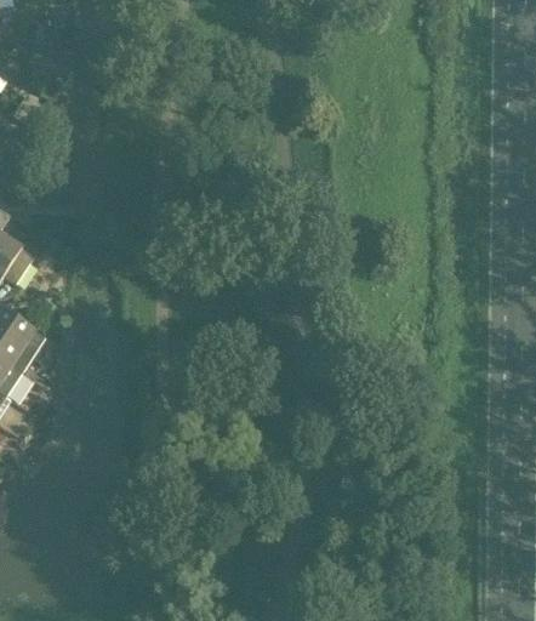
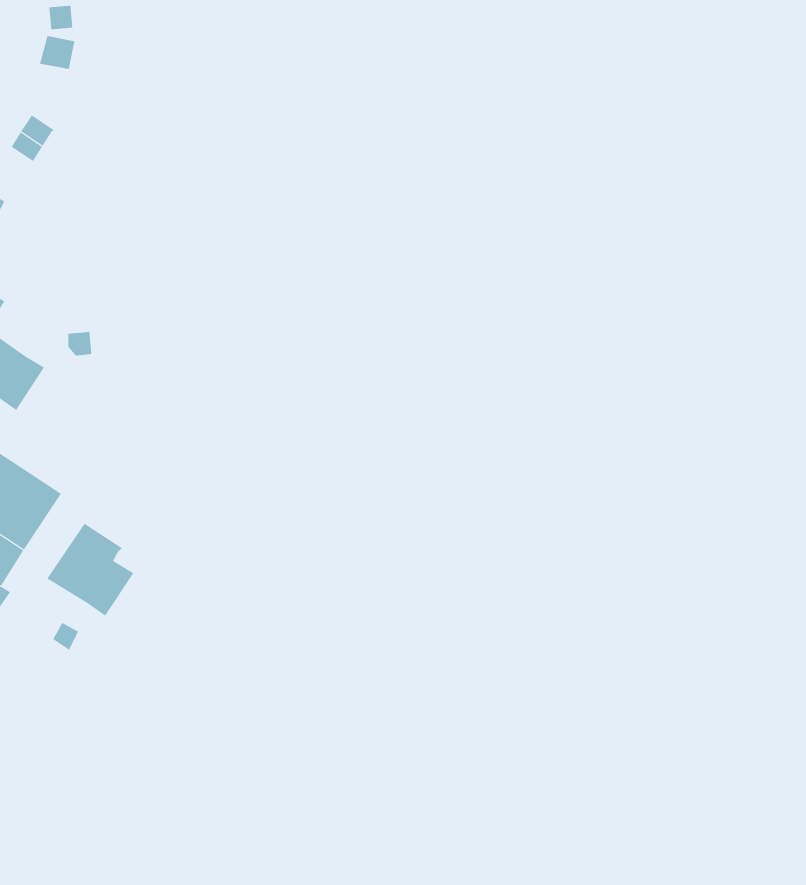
building: none -> [47,523,134,617]

